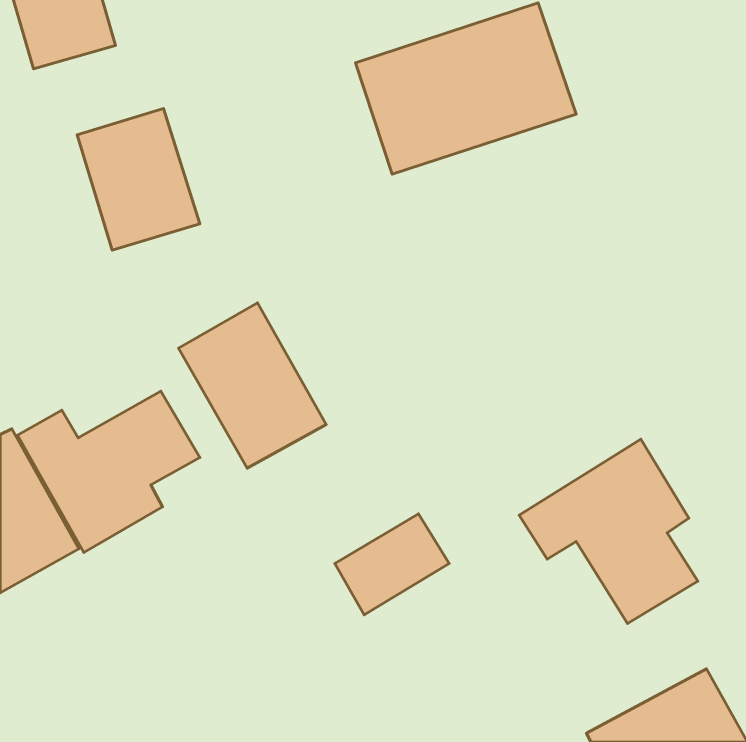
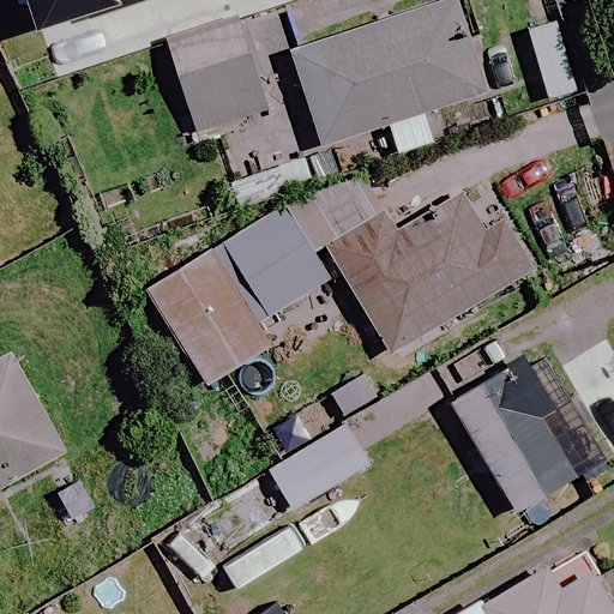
building: [77,108,200,250] -> [168,18,269,134]
building: none -> [325,177,542,354]
building: none -> [224,205,327,315]
building: [17,391,200,553] -> none

